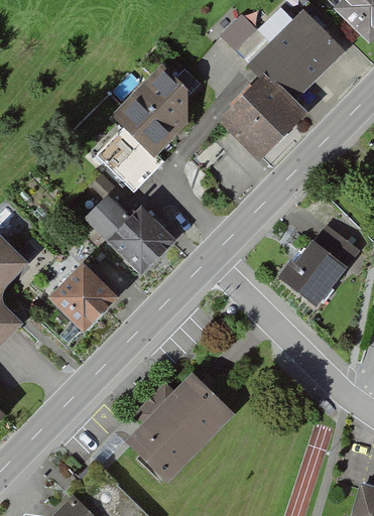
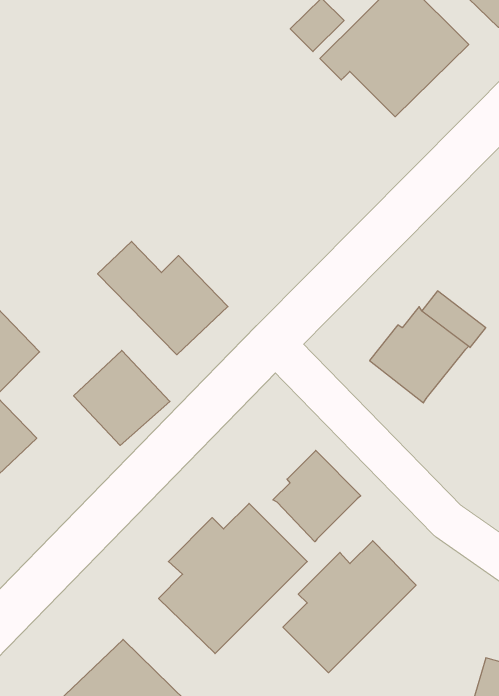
building: [94,59,186,192] -> none
building: [216,69,304,156] -> none
building: none -> [273,450,361,542]
building: none -> [283,541,416,673]

